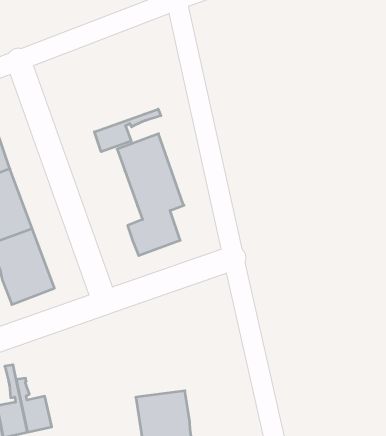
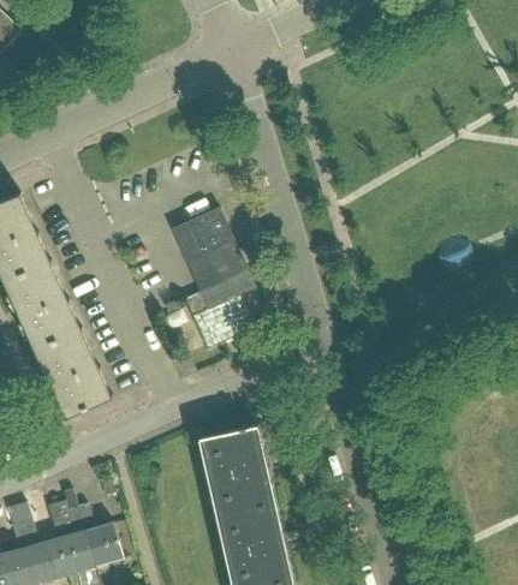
building: [94,109,161,152] -> none
building: none -> [200,425,273,515]

